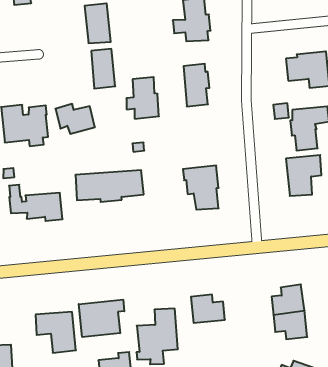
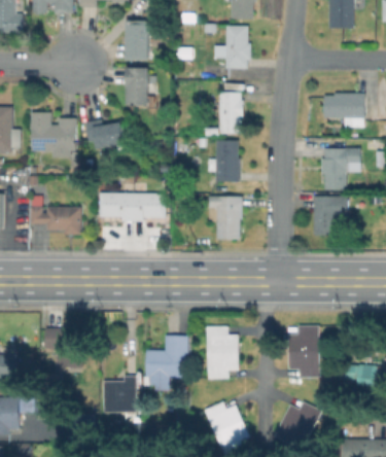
building: [126,77,159,119] -> [208,141,241,181]
building: [79,300,124,337] -> none
building: none -> [204,353,236,380]

